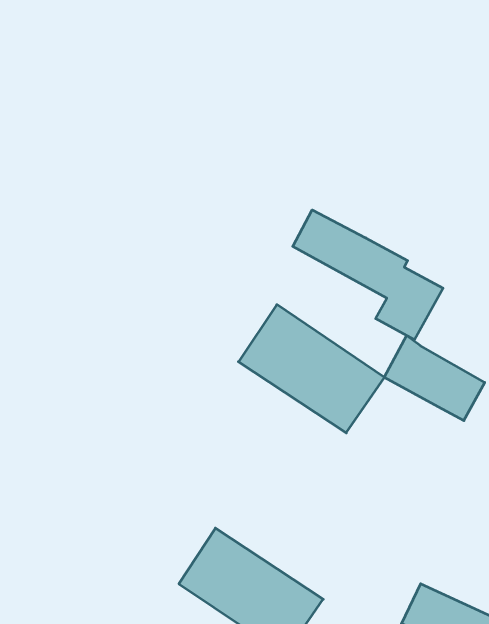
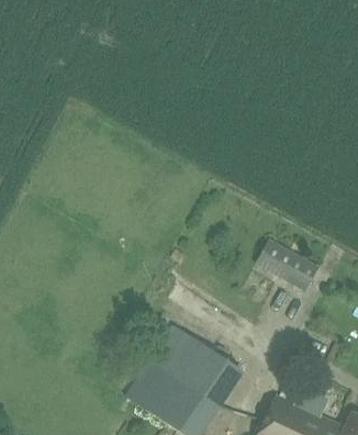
building: [293,210,443,340] -> none
building: [238,305,384,433] -> [149,323,242,404]

